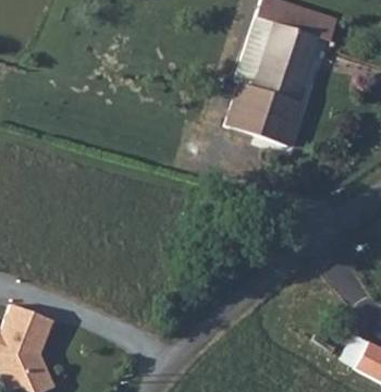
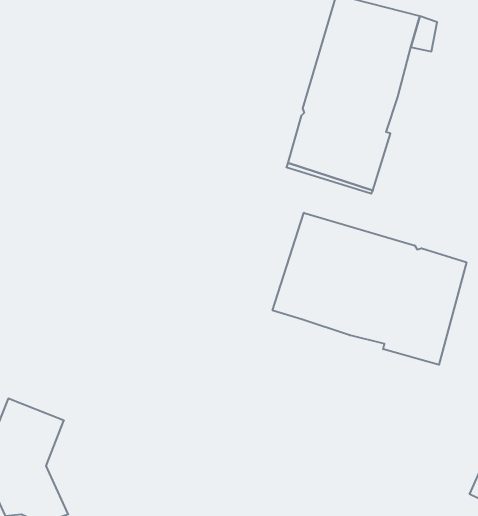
building: none -> [273,213,466,365]

